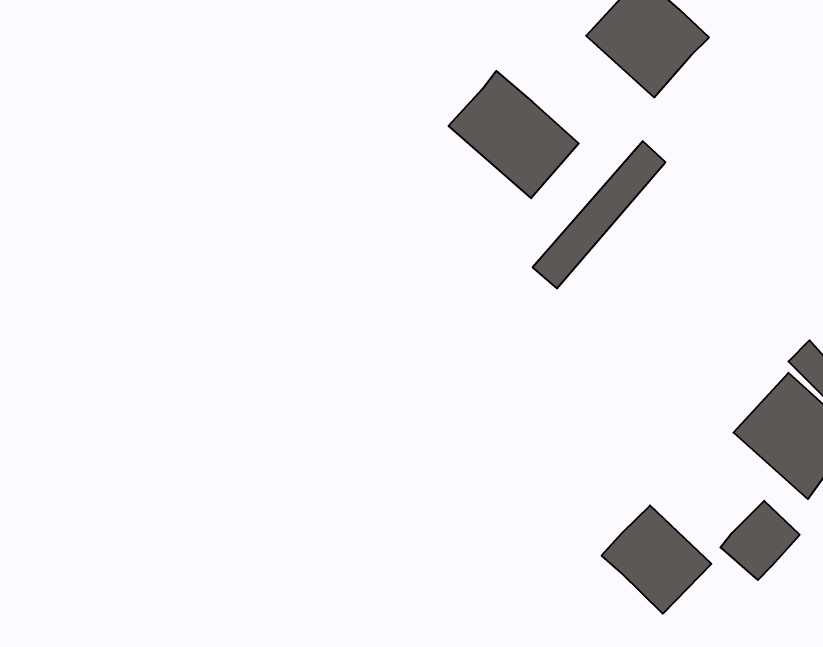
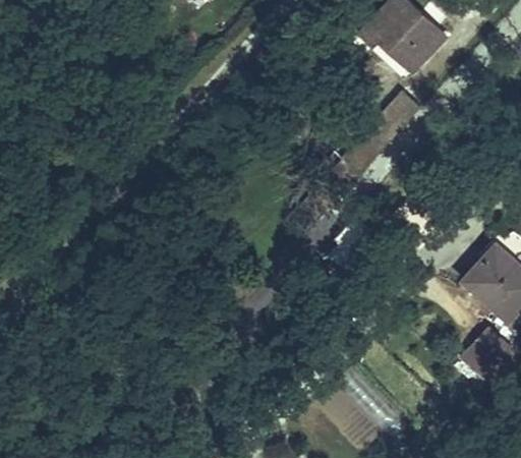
building: [449,71,579,198] -> none
building: [602,505,711,614] -> none

